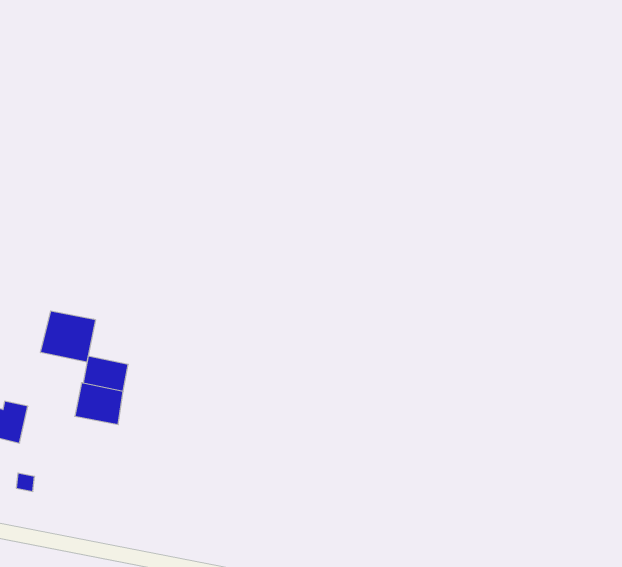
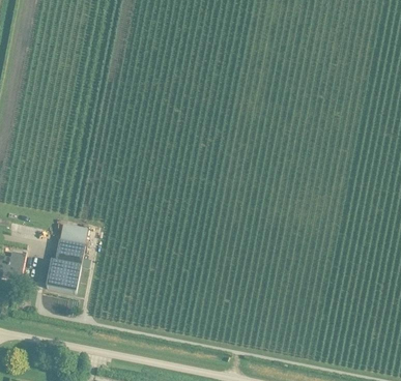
building: [41,311,95,362] -> none
building: none -> [45,259,81,291]

